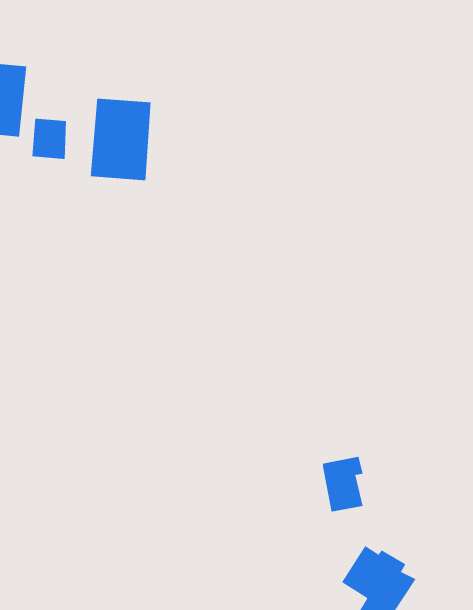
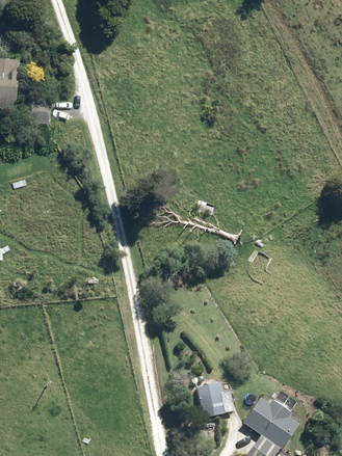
building: [90,98,151,181] -> none
building: [322,456,363,512] -> [195,380,225,420]

